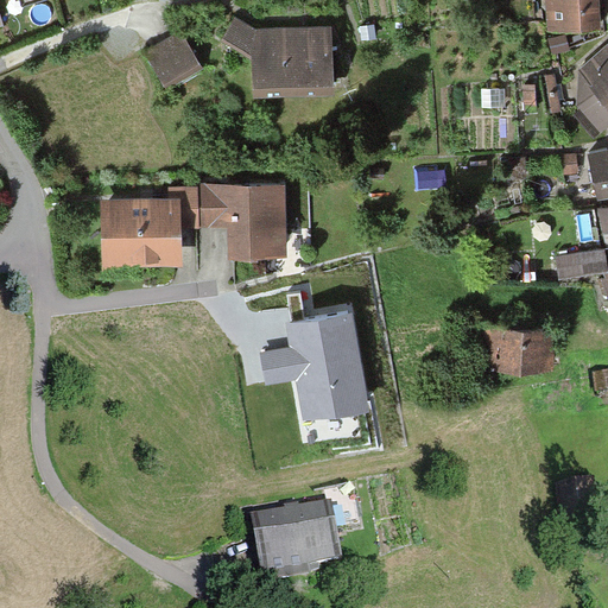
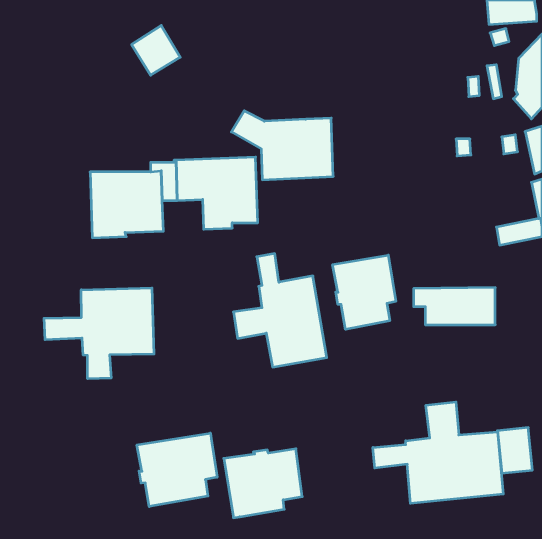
building: [221,17,335,94] -> [231,111,333,180]
building: none -> [333,255,396,329]
building: none -> [44,288,154,379]
building: none -> [373,402,503,503]
building: none -> [137,433,217,507]

